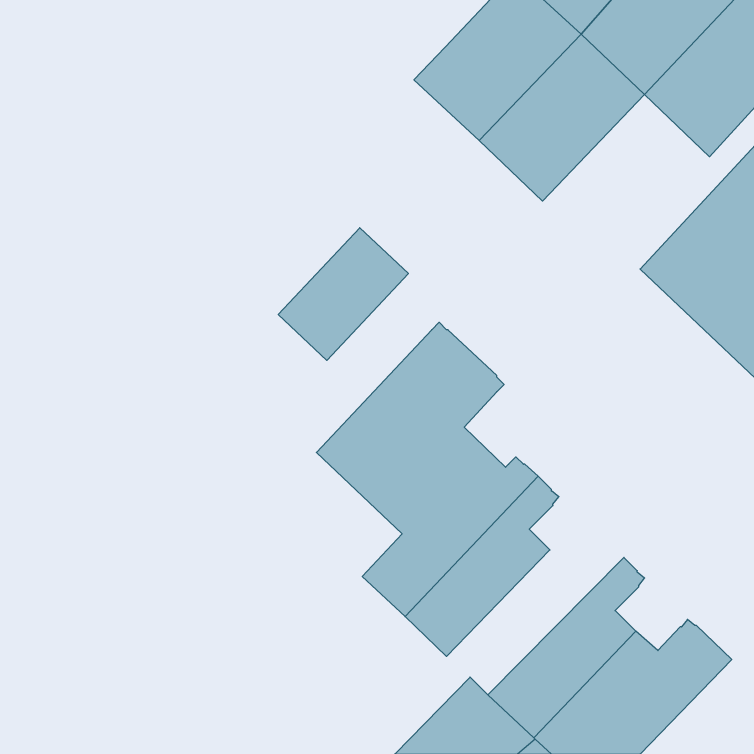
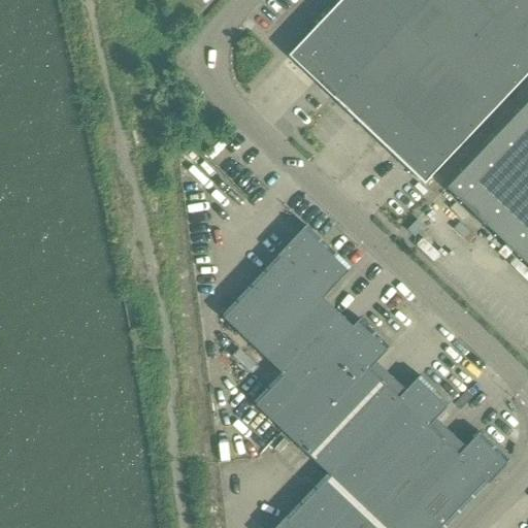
building: none -> [380,66,496,184]
building: [278,228,408,360] -> none
building: none -> [312,375,436,485]

